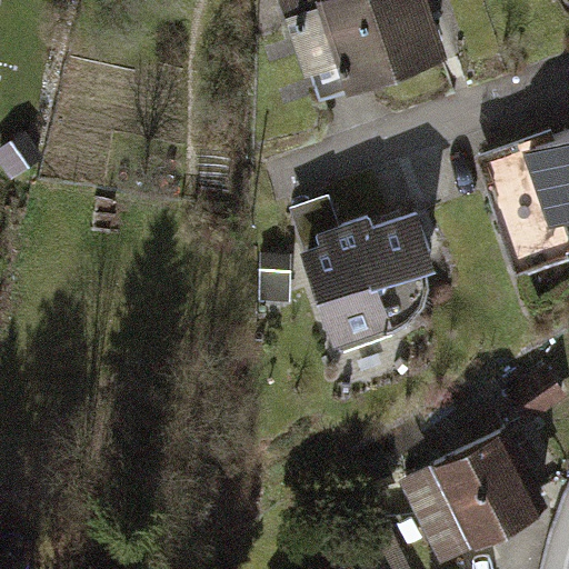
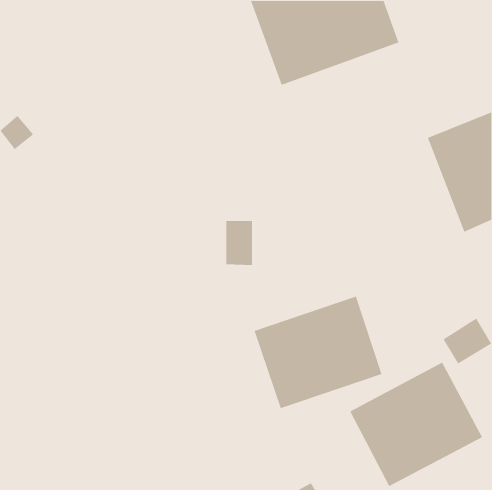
building: [290,201,438,348] -> none
building: none -> [253,295,382,409]

